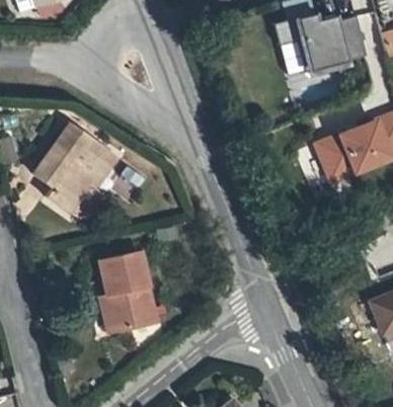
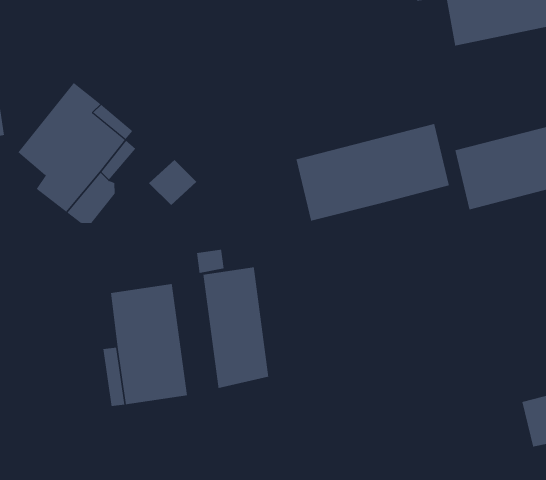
building: none -> [296,123,450,221]
building: none -> [203,266,269,389]

